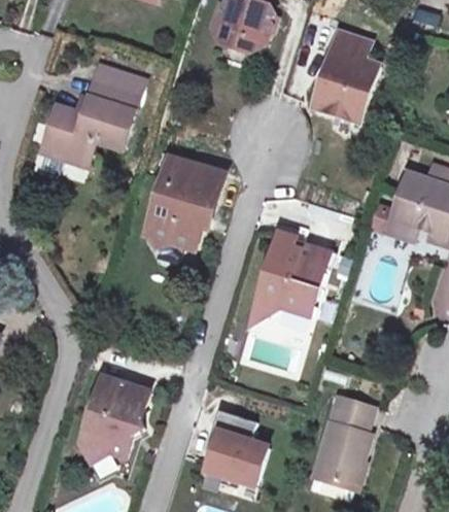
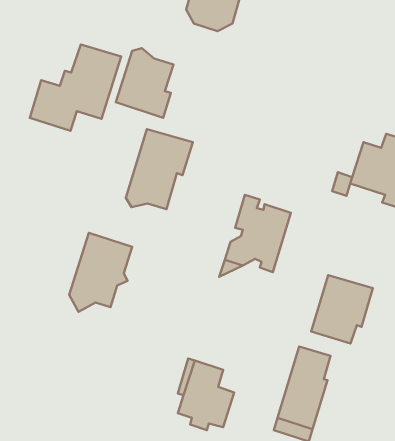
building: [314,30,380,122] -> none
building: none -> [116,48,174,118]
building: none -> [311,275,373,343]
building: [81,374,150,460] -> [69,233,132,312]

